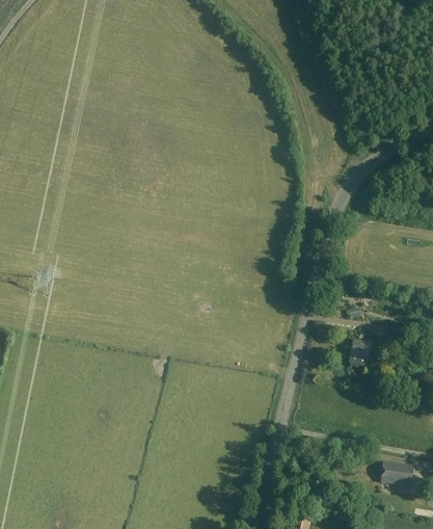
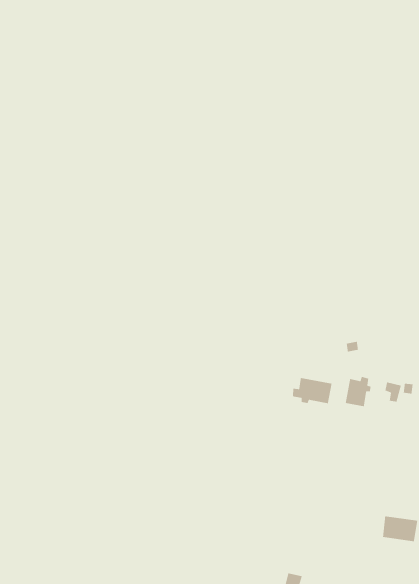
building: none -> [292,377,333,404]

